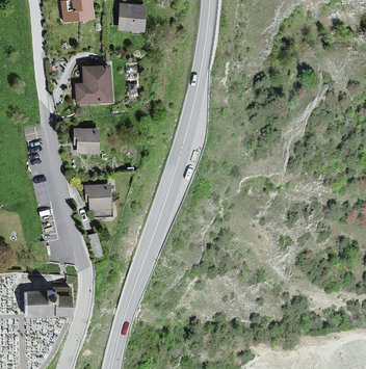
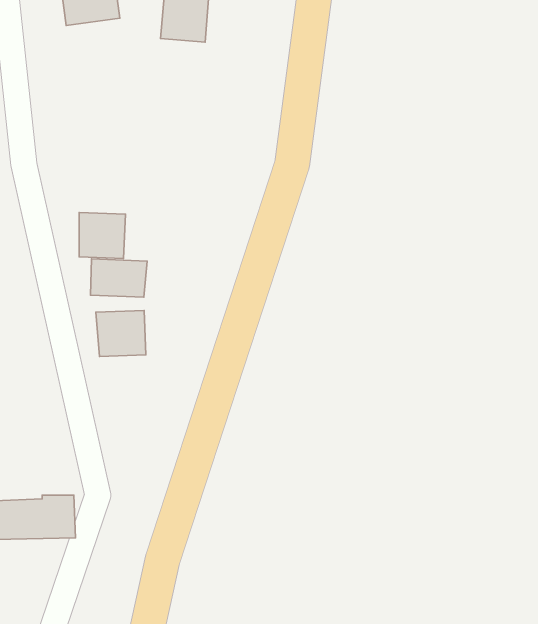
building: [76,64,111,102] -> none
building: none -> [90,259,147,297]

